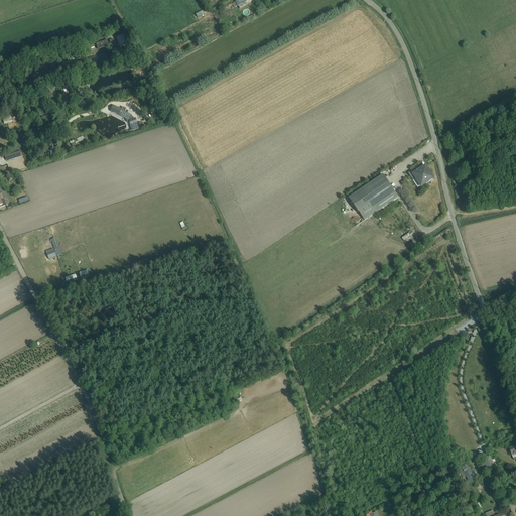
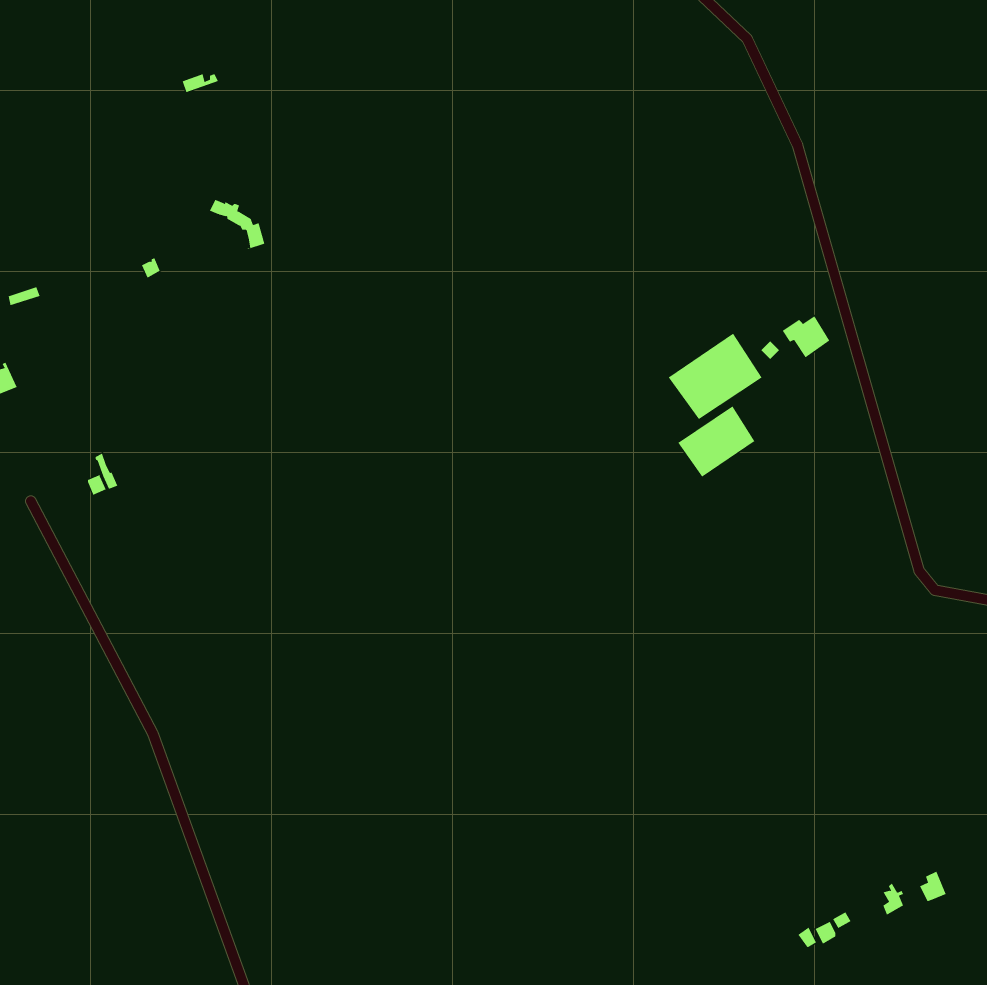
building: none -> [678,405,755,478]

